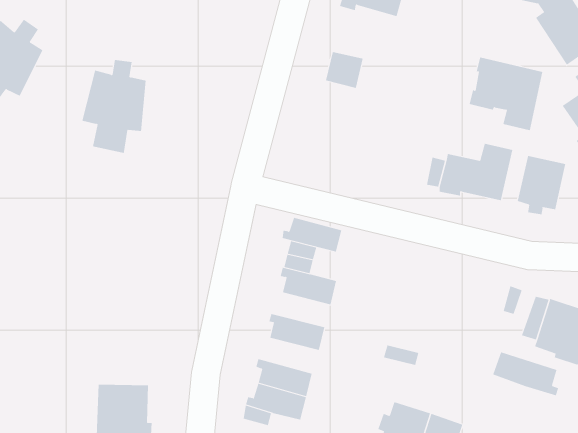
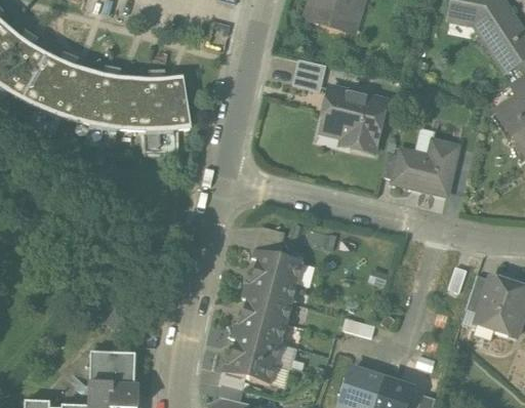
building: none -> [23,52,88,134]
building: [469,57,543,131] -> [320,87,386,153]
building: none -> [130,69,191,151]
building: [517,155,566,215] -> none
building: [282,217,342,252] -> [244,272,297,302]
building: none -> [233,312,287,343]
building: [492,351,559,396] -> none

